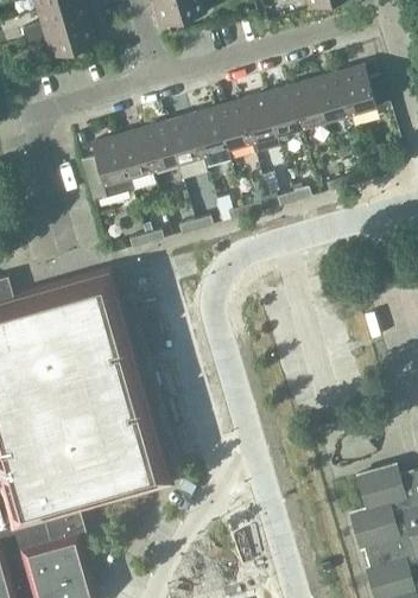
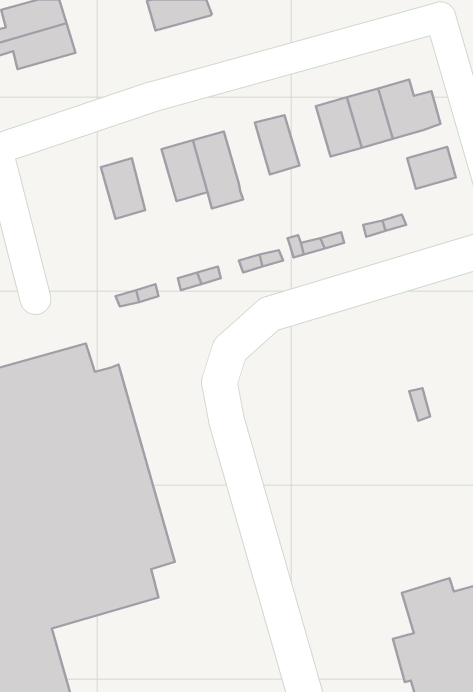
building: [262,87,299,134] -> none
building: [214,100,251,148] -> none
building: none -> [407,147,456,189]
building: [140,121,176,170] -> none
building: [80,135,131,201] -> none

